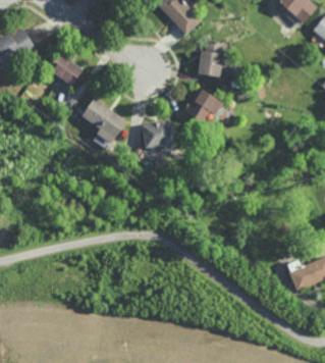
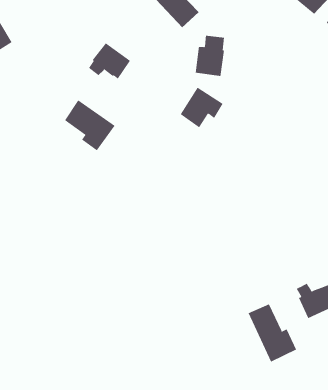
building: [45,52,83,85] -> [88,43,131,79]
building: [142,119,174,151] -> none
building: none -> [248,304,297,363]

